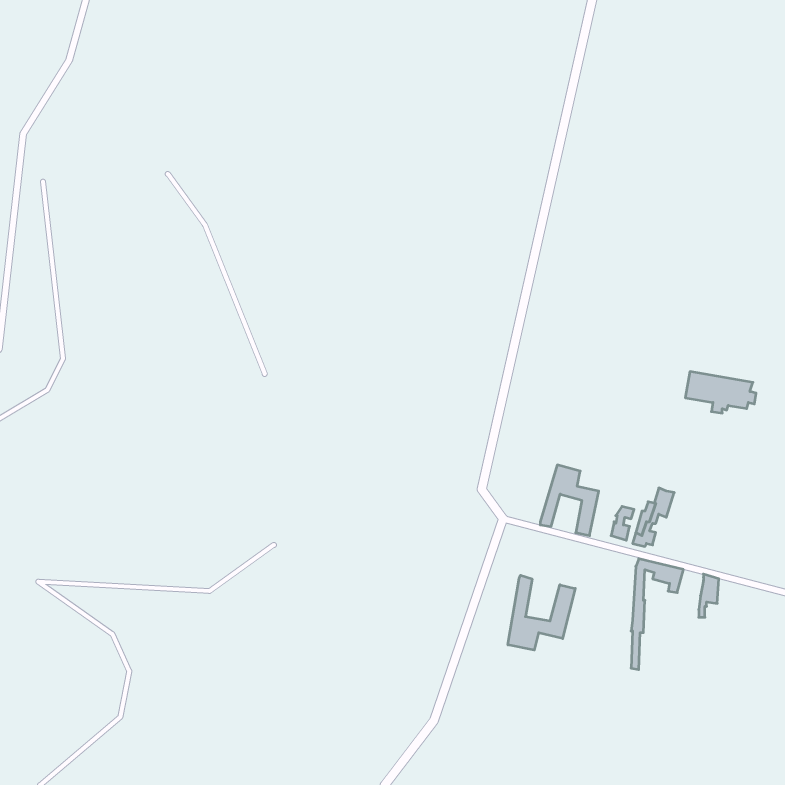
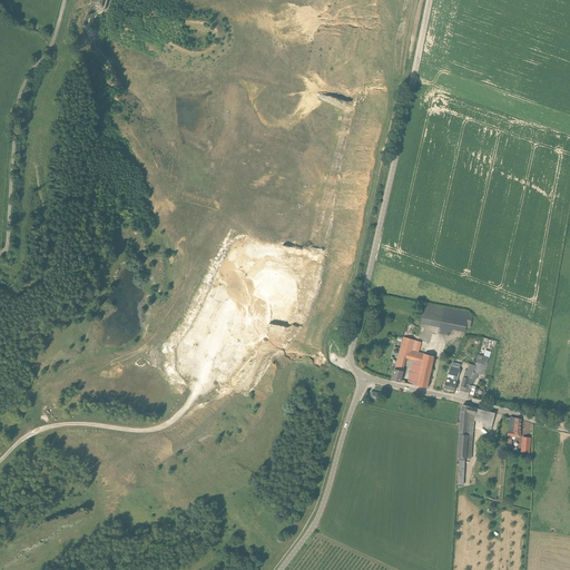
building: [685,372,756,413] -> [420,303,471,333]
building: [508,575,575,650] -> none

